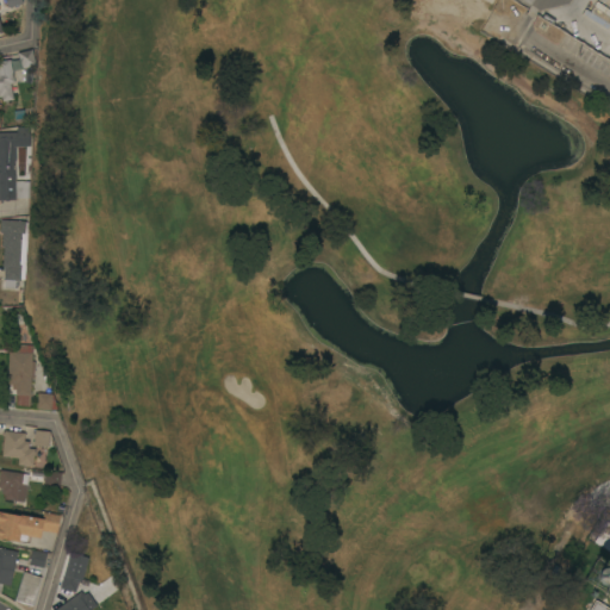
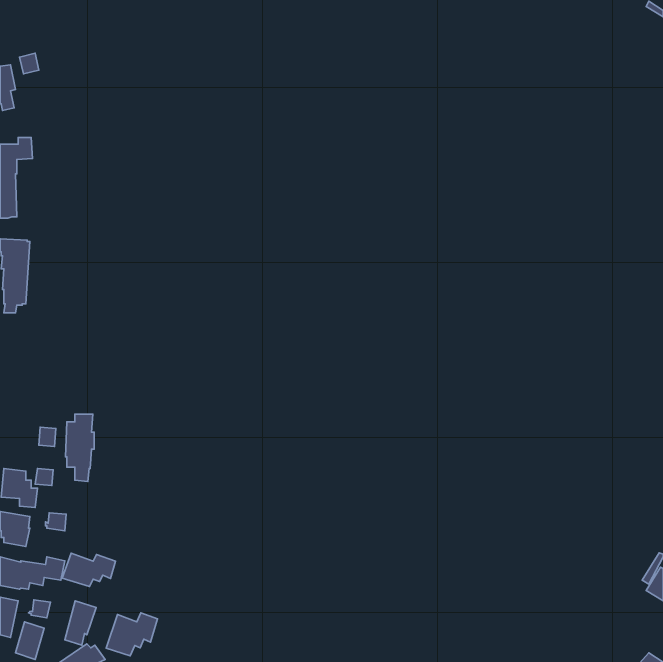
building: [7,346,33,407] -> [66,414,94,482]
building: none -> [62,553,115,587]
building: none -> [106,613,158,656]

